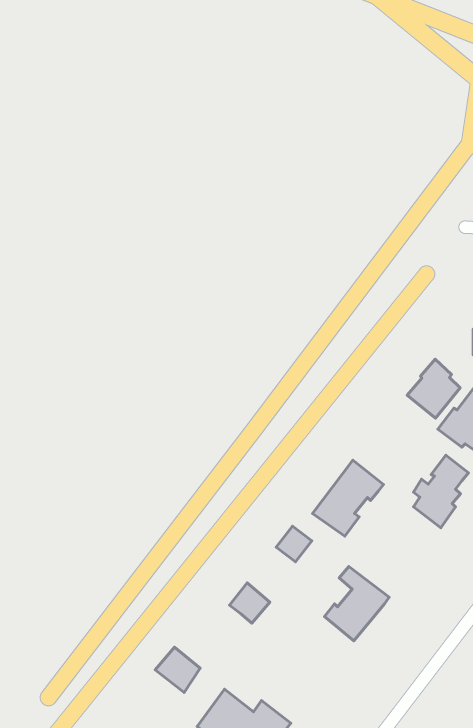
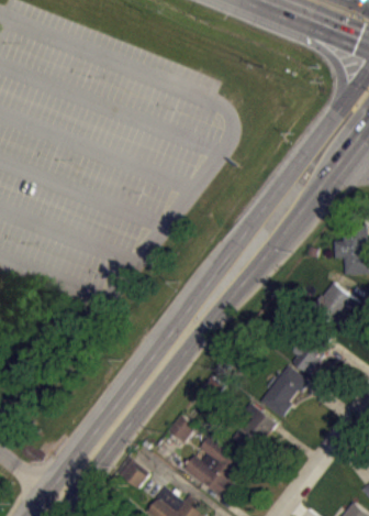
building: [407,359,460,418] -> none
building: [312,460,384,536] -> [261,365,310,417]
building: none -> [186,436,243,496]

